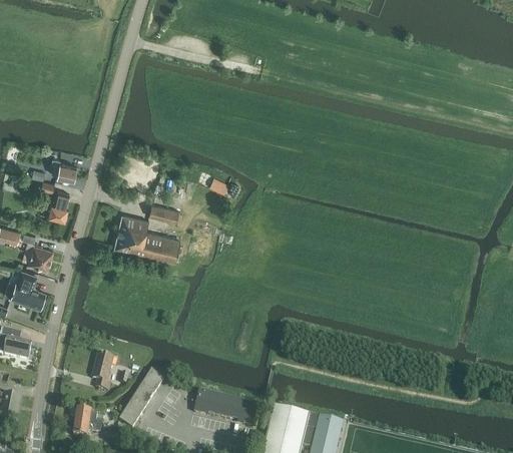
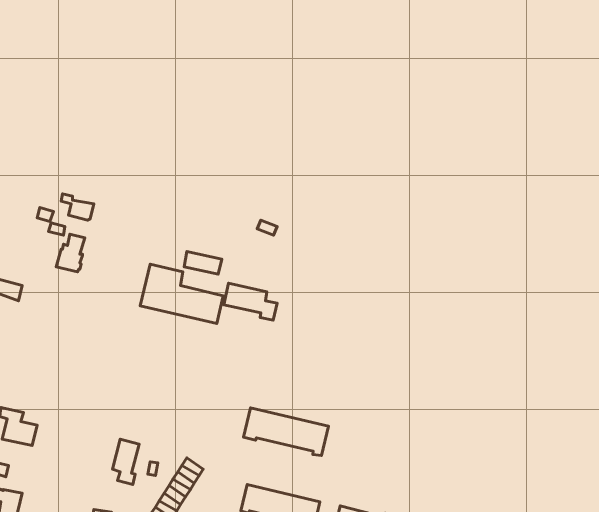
building: none -> [224,283,277,320]
building: [23,244,52,270] -> none
building: [6,271,45,308] -> none
building: none -> [243,408,328,456]

